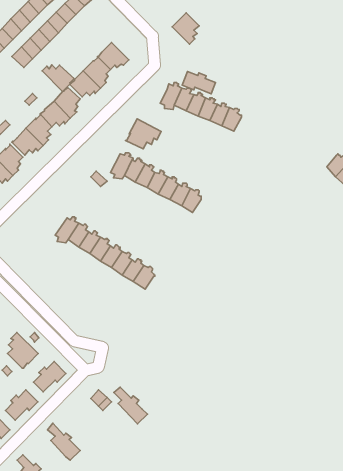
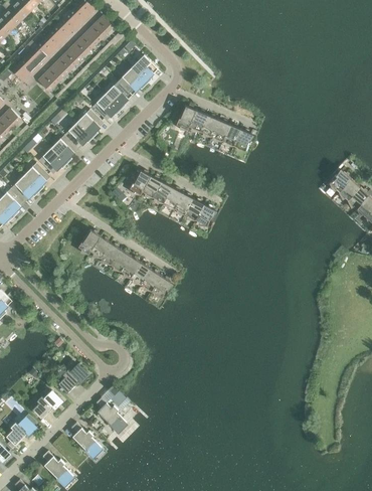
building: [172,13,199,44] -> [130,55,155,85]
building: [42,65,75,91] -> none
building: [182,71,216,94] -> none
building: [126,119,161,149] -> none
building: [8,332,38,368] -> none
building: [114,387,147,424] -> [95,398,126,433]

